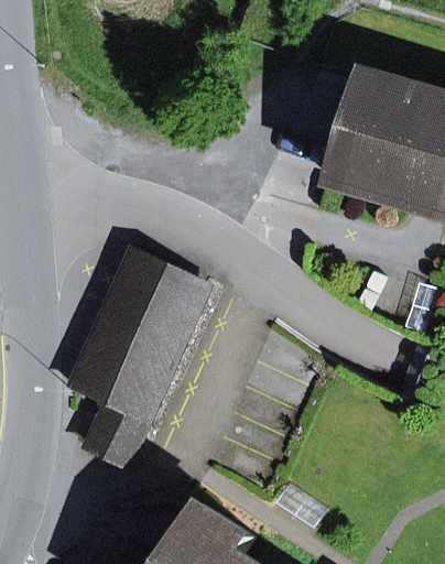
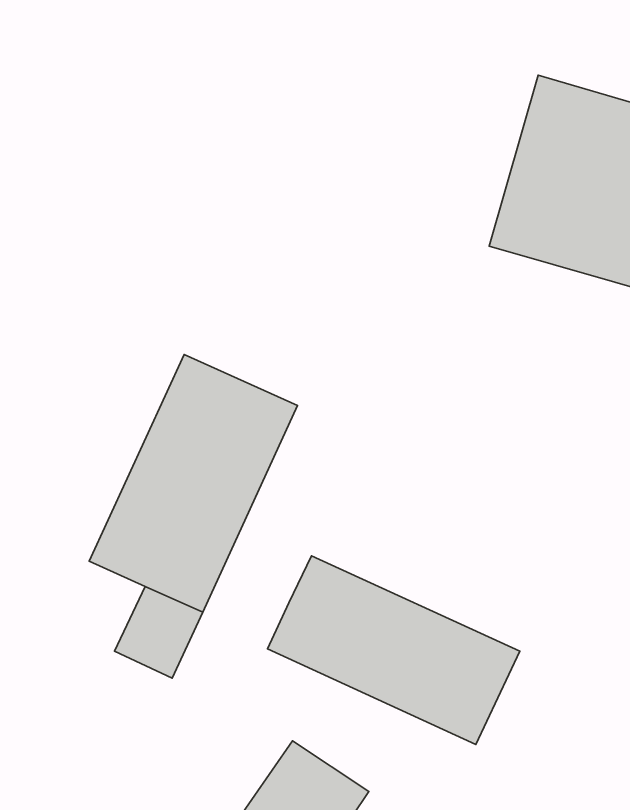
building: none -> [267,556,520,744]

